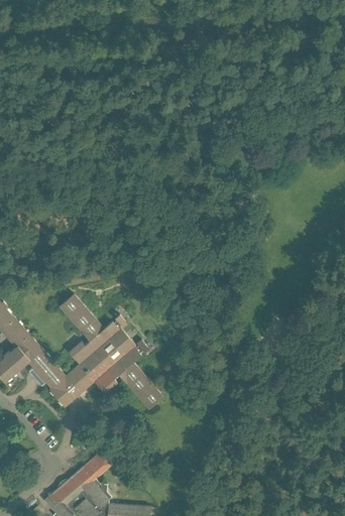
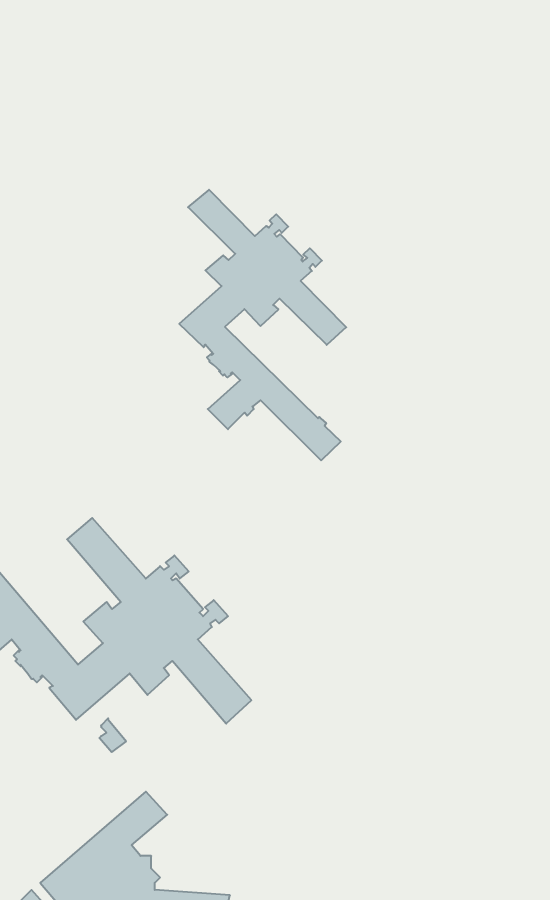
building: none -> [179,190,346,460]

